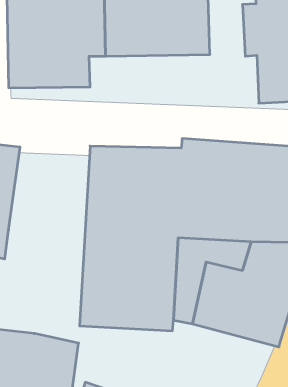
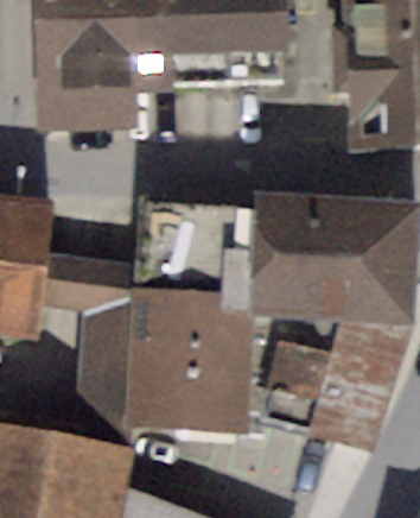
building: none -> [39,252,136,446]

